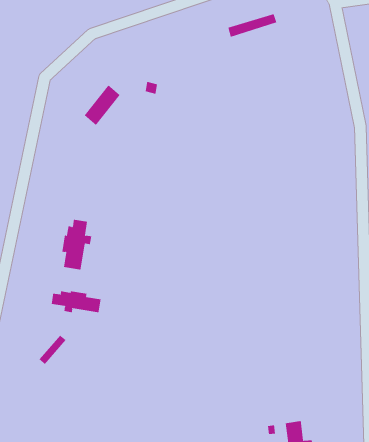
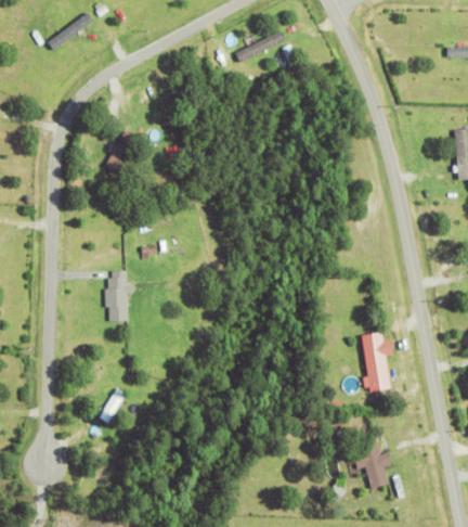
building: [51,290,101,313] -> none
building: none -> [361,332,393,390]

